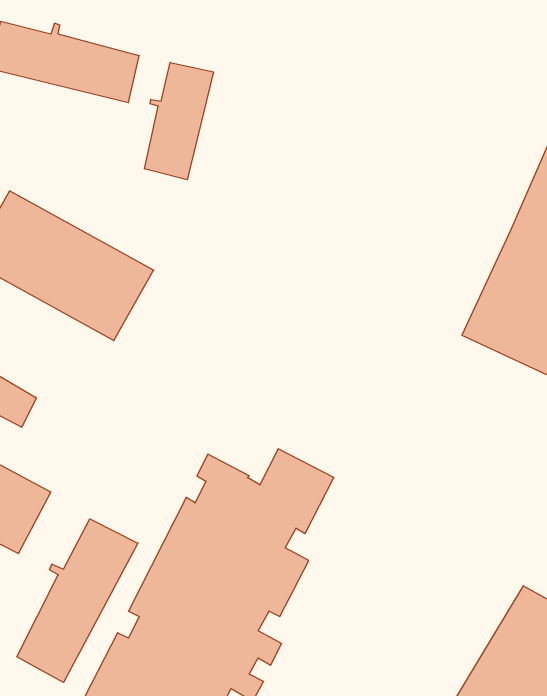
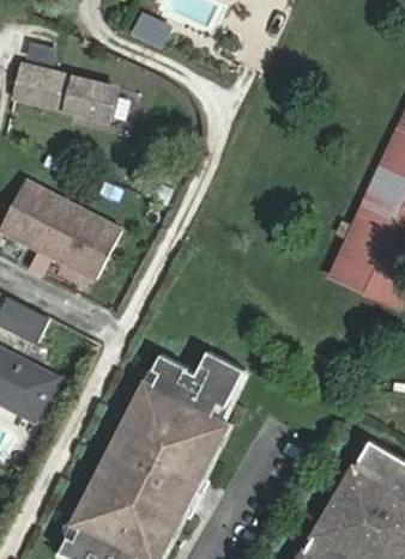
building: [145,62,213,180] -> none
building: [17,519,138,682] -> none

